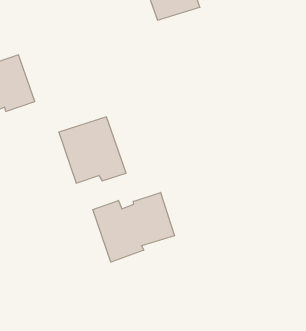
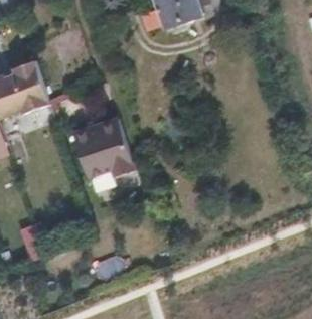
building: [93,192,174,262] -> none

